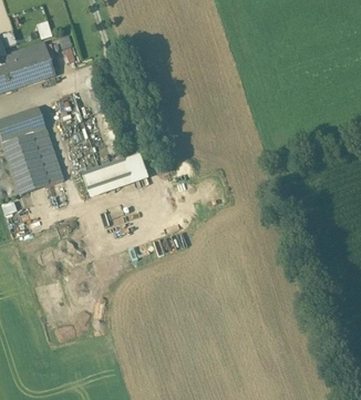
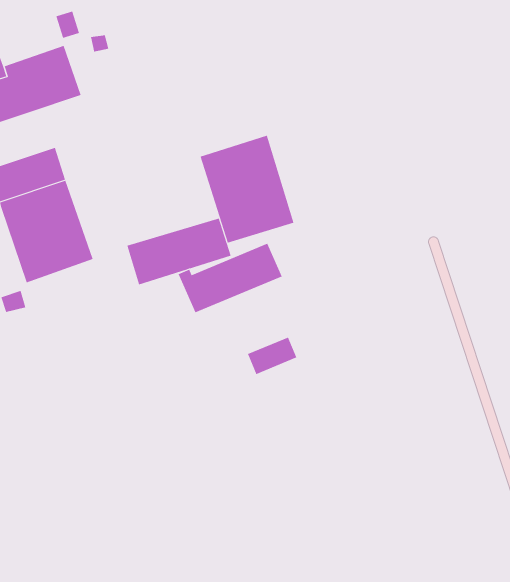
building: none -> [200,135,294,243]
building: none -> [178,243,282,313]

